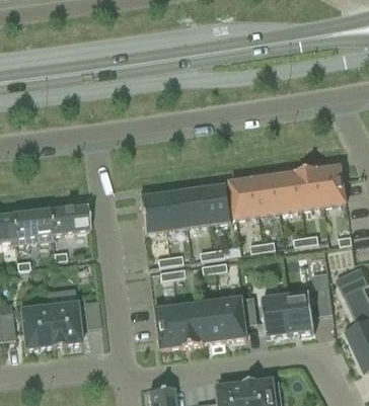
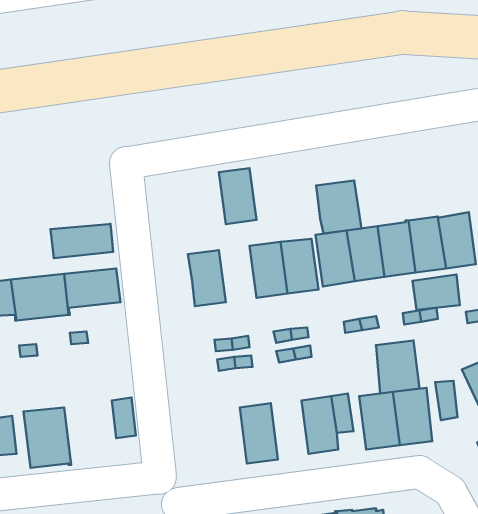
building: none -> [316,180,362,234]
building: none -> [51,224,113,258]
building: [159,188,187,229] -> [219,168,257,224]
building: none -> [413,274,460,310]
building: none -> [376,341,420,394]
building: [197,300,224,342] -> none
building: [48,302,80,346] -> none
building: [152,305,179,347] -> none

